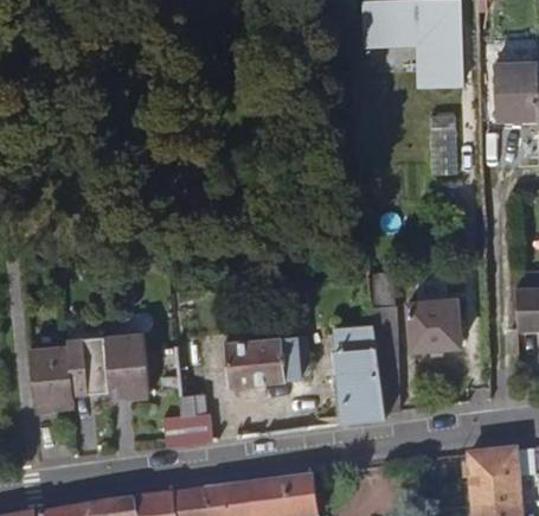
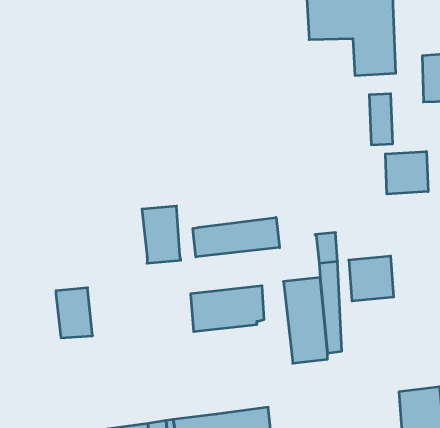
building: none -> [385,151,428,194]
building: none -> [193,217,280,257]
building: [104,332,149,399] -> [142,206,181,263]
building: [30,343,73,410] -> none
building: [163,413,211,447] -> none

